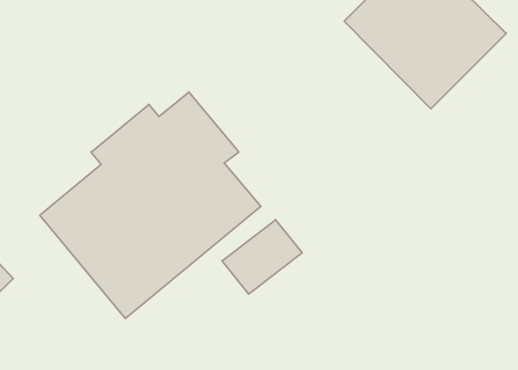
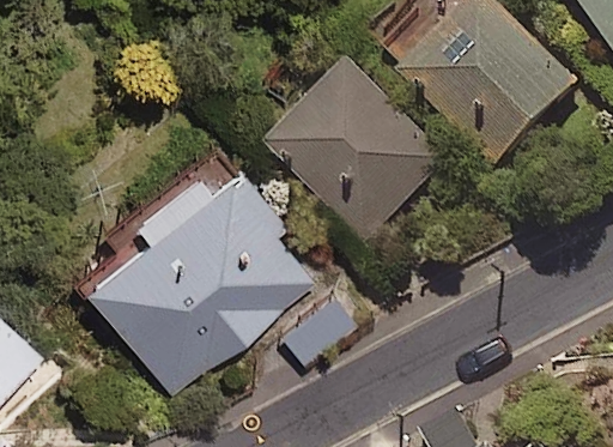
building: none -> [267,60,447,241]

